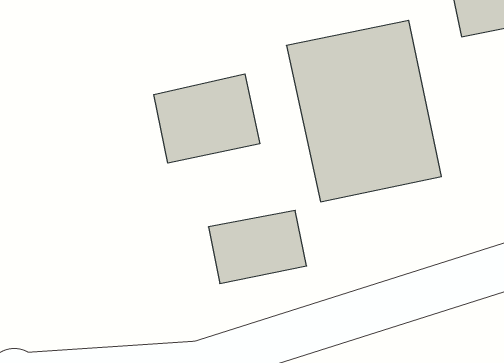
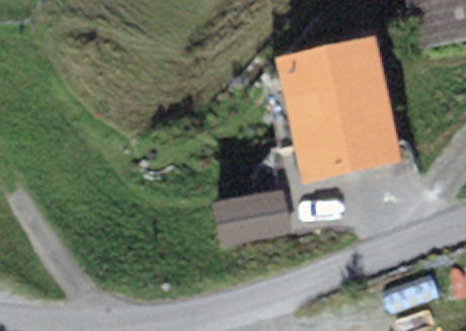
building: [154,74,260,163] -> none

